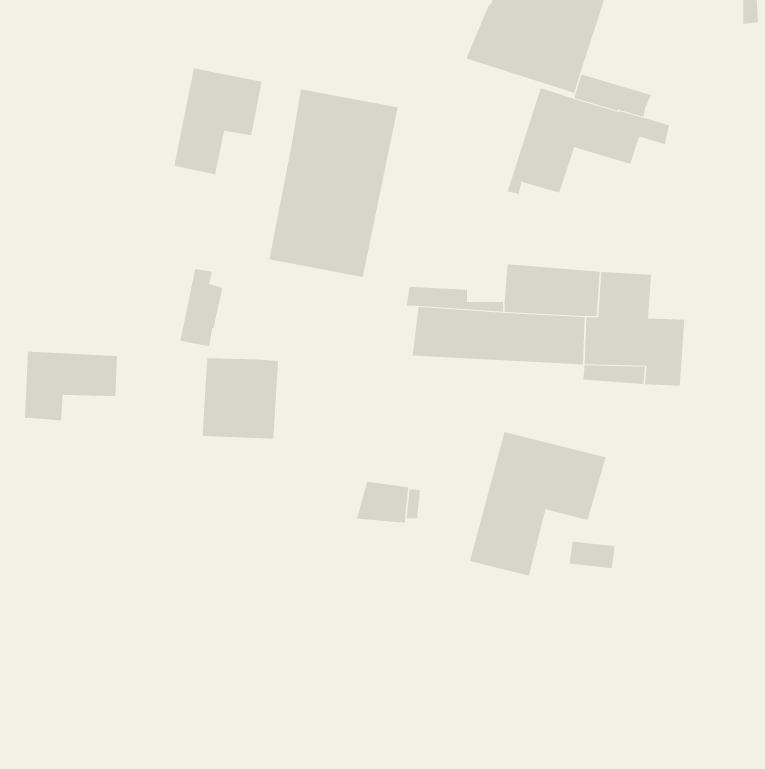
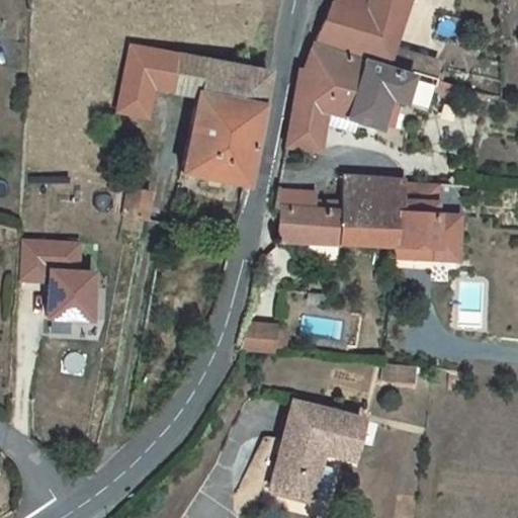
building: none -> [286,44,366,153]
building: none -> [173,55,205,96]
building: [202,358,279,439] -> [44,265,95,320]
building: [469,431,606,576] -> [273,402,365,499]

